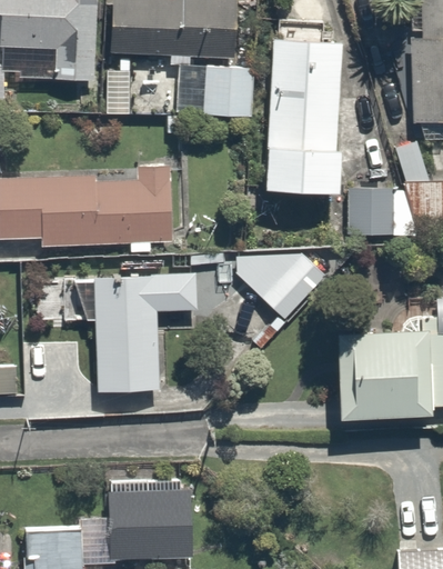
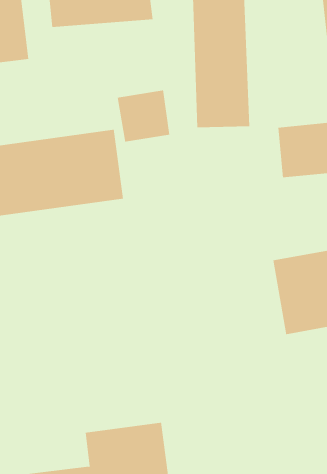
building: [204,66,256,117] -> [117,90,170,142]
building: [248,238,334,325] -> none
building: [93,280,202,391] -> none

